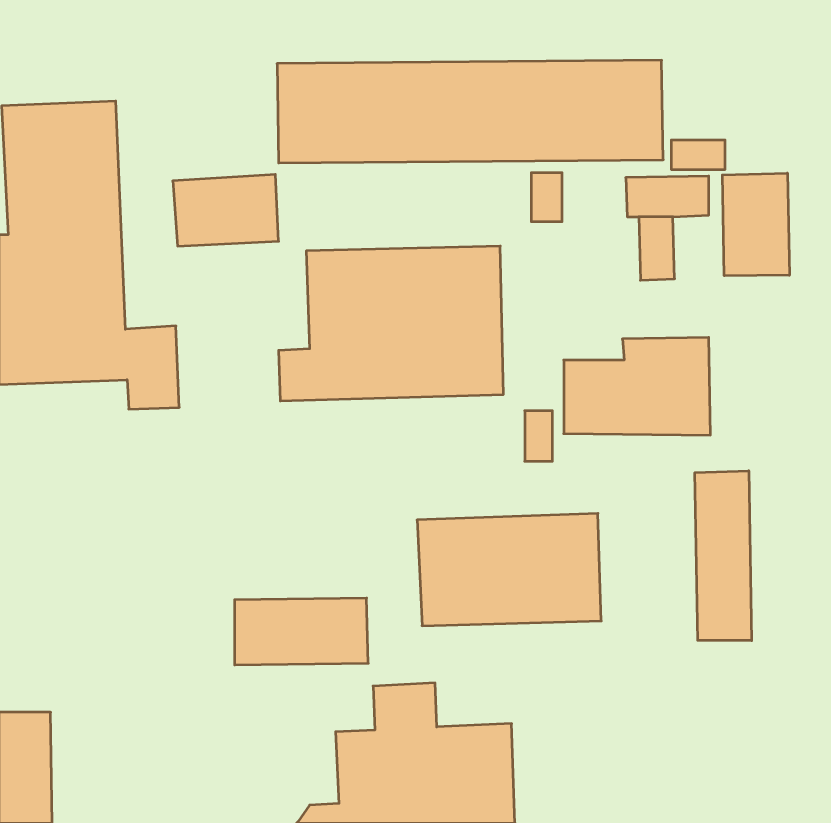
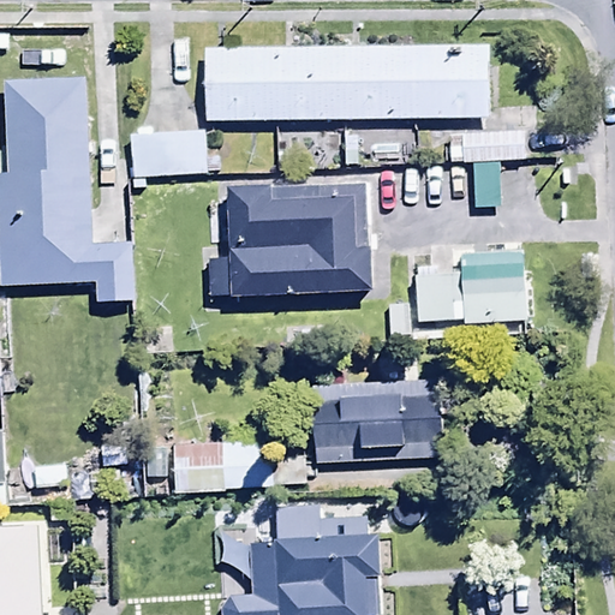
building: [722,173,789,276] -> none
building: [695,471,752,641] -> none

